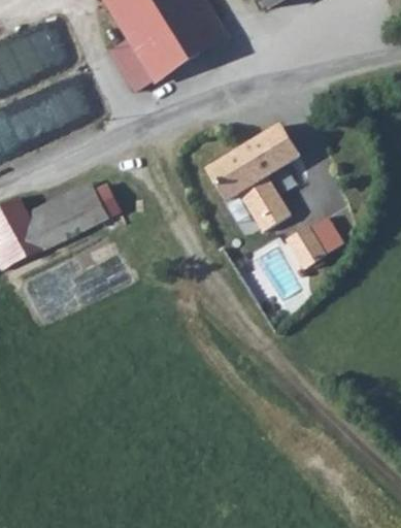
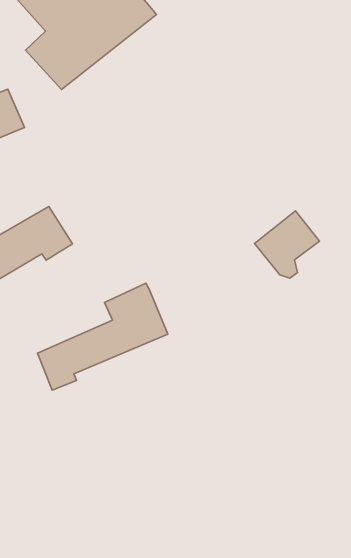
building: [203,126,297,232] -> none
building: none -> [38,283,168,390]

